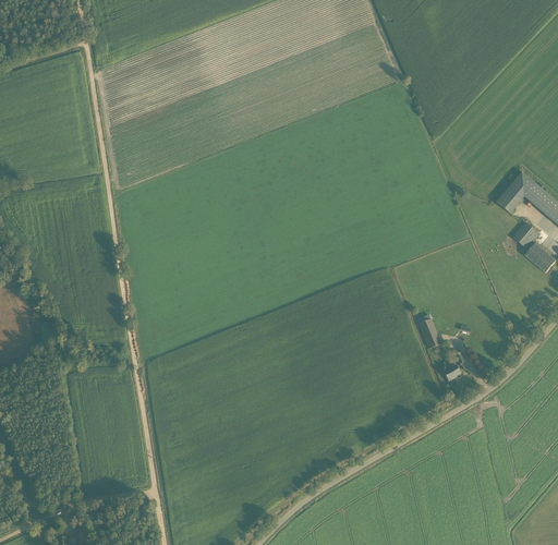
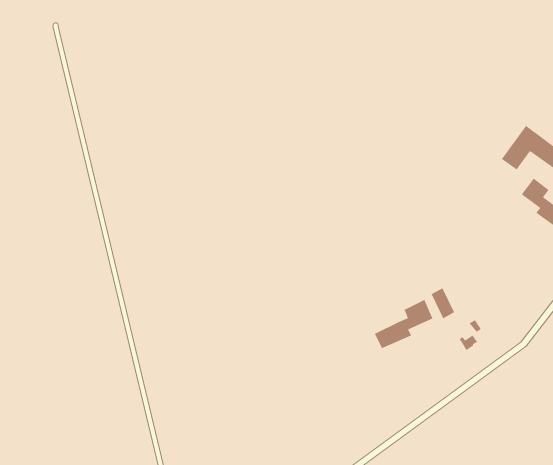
building: none -> [374,299,434,349]

